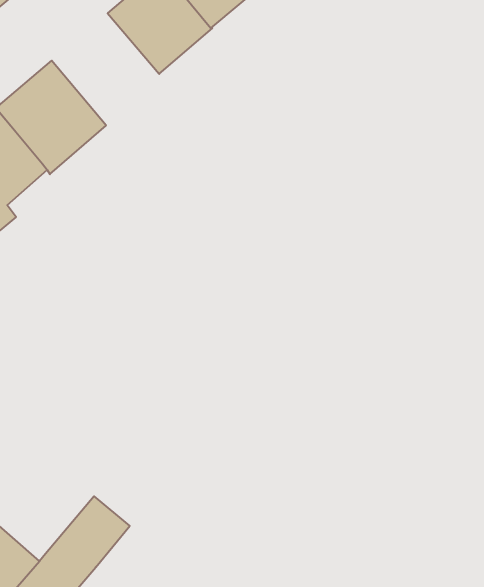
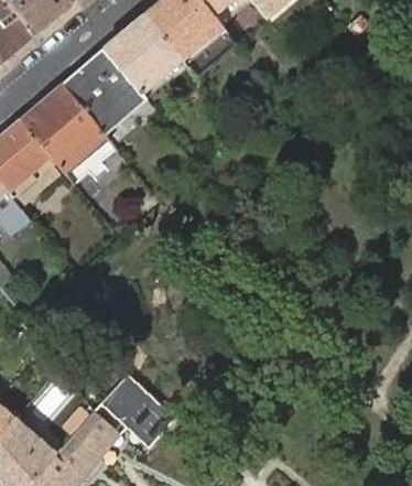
building: none -> [63,48,147,132]
building: none -> [99,377,173,450]

